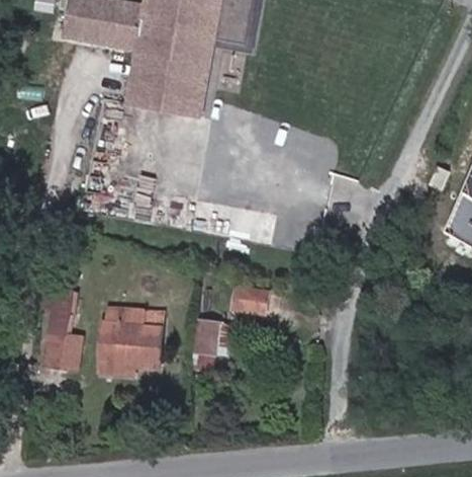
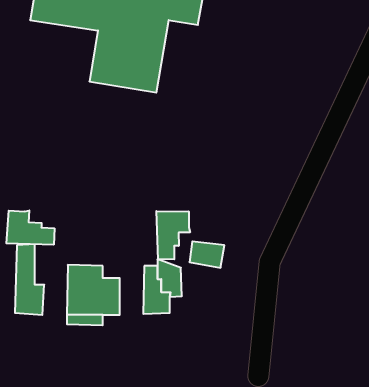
building: none -> [6,210,54,245]
building: none -> [156,211,190,260]

